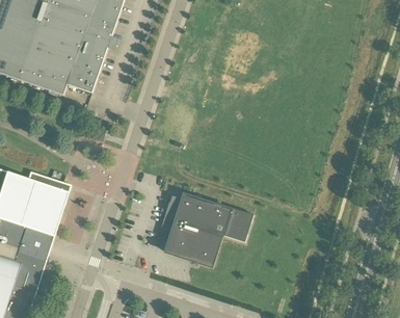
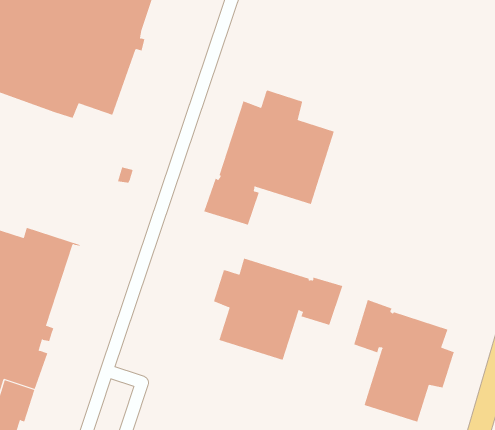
building: none -> [203,89,335,225]
building: none -> [354,299,456,422]

